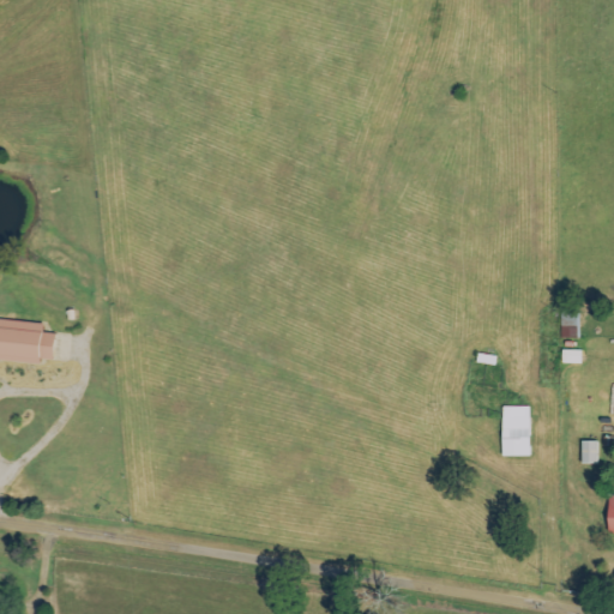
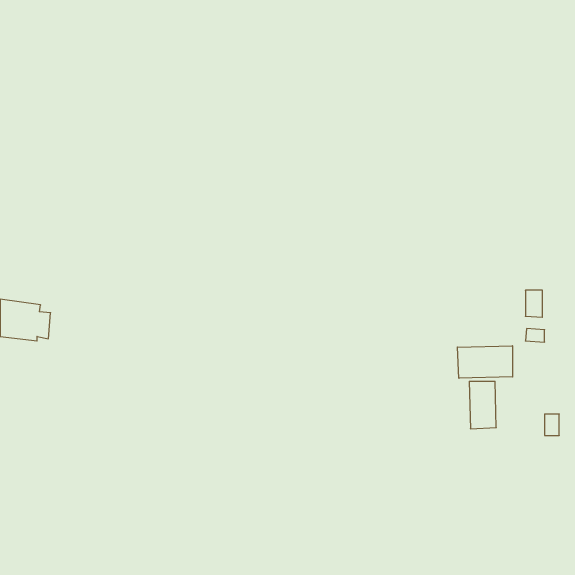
building: none -> [457,346,513,378]

